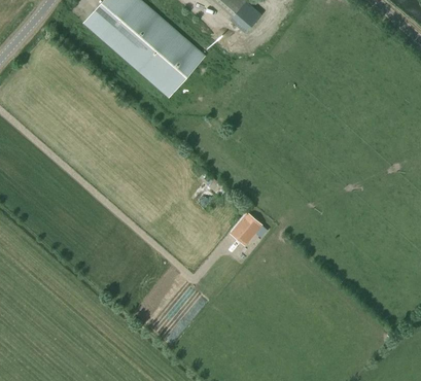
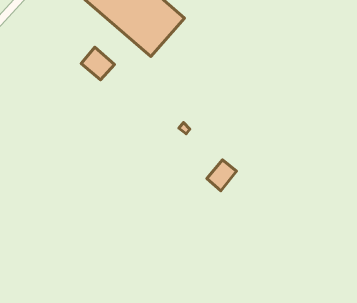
building: none -> [81,47,114,80]

